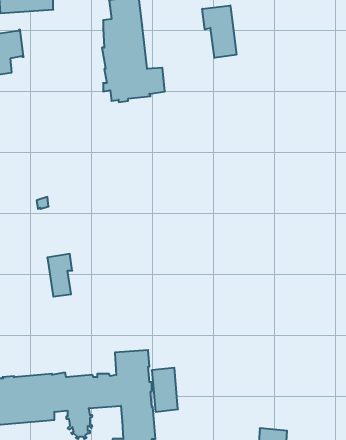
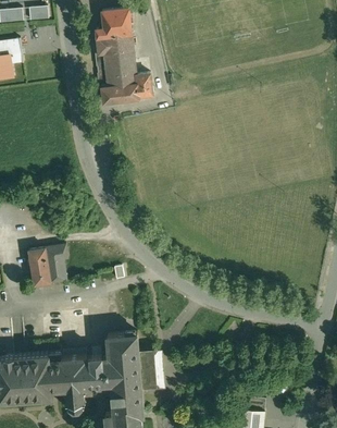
building: [202,5,236,58] -> none
building: none -> [28,248,50,285]
building: none -> [83,383,113,401]

